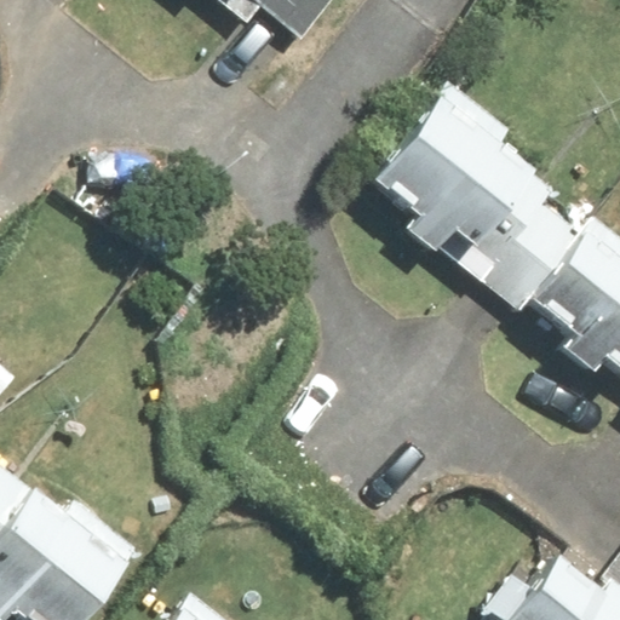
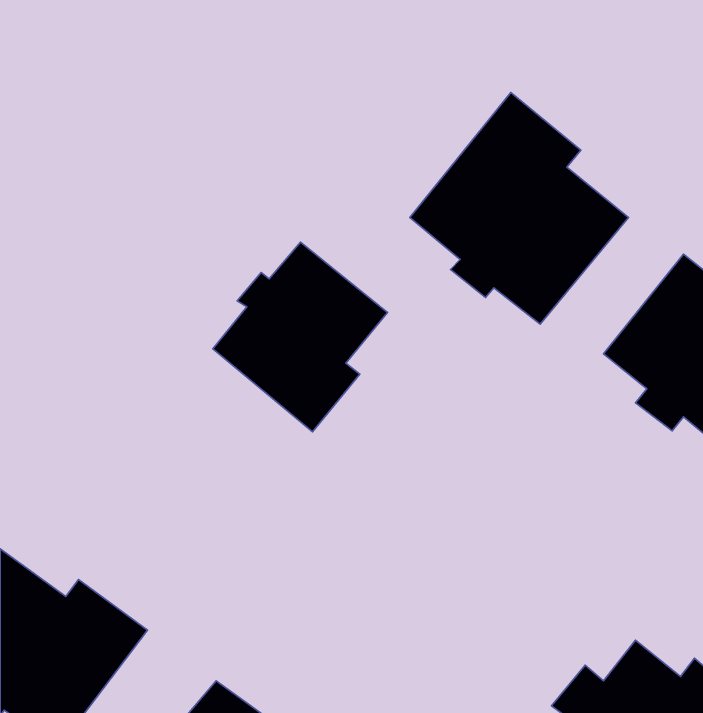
building: none -> [213,242,388,432]

